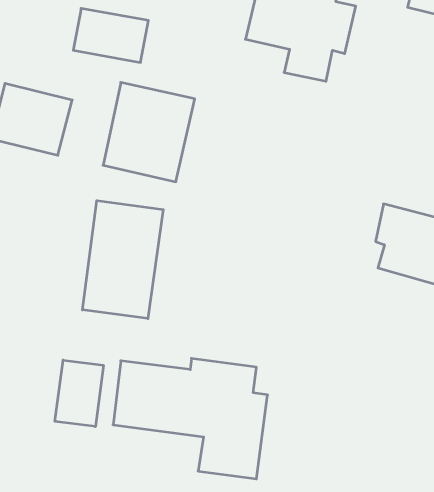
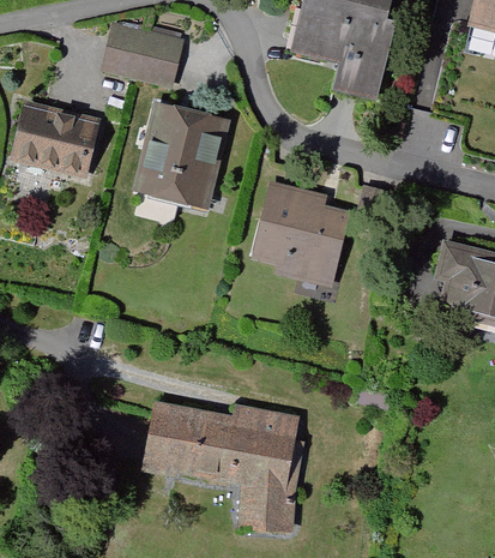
building: none -> [250,180,351,289]
building: [82,201,163,319] -> none
building: [55,360,103,427] -> none

